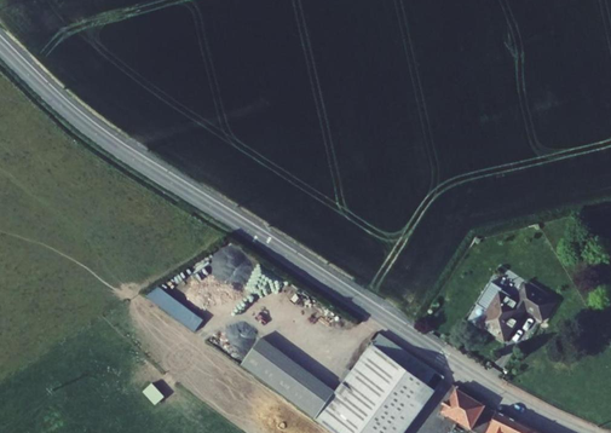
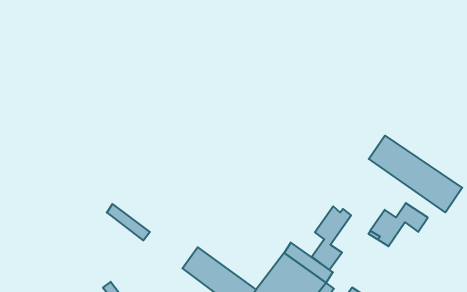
building: none -> [369,136,462,212]
building: none -> [312,206,351,270]

